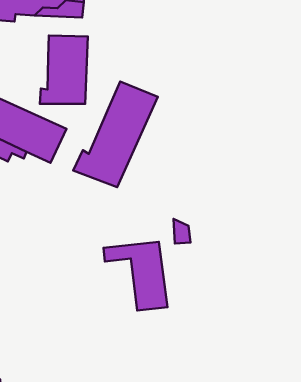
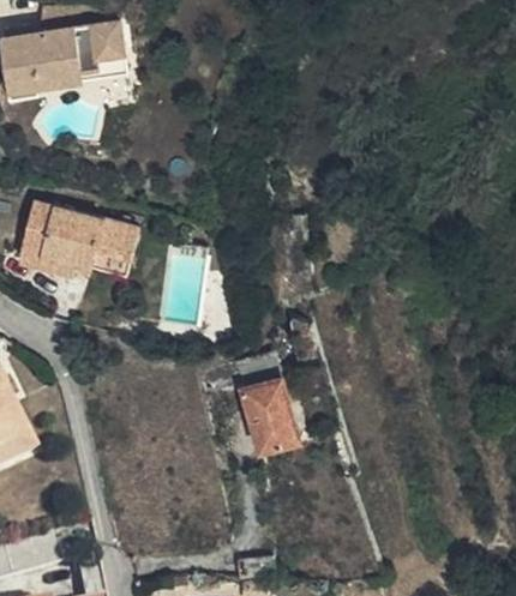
building: [40,35,88,104] -> none
building: [73,81,158,187] -> none

